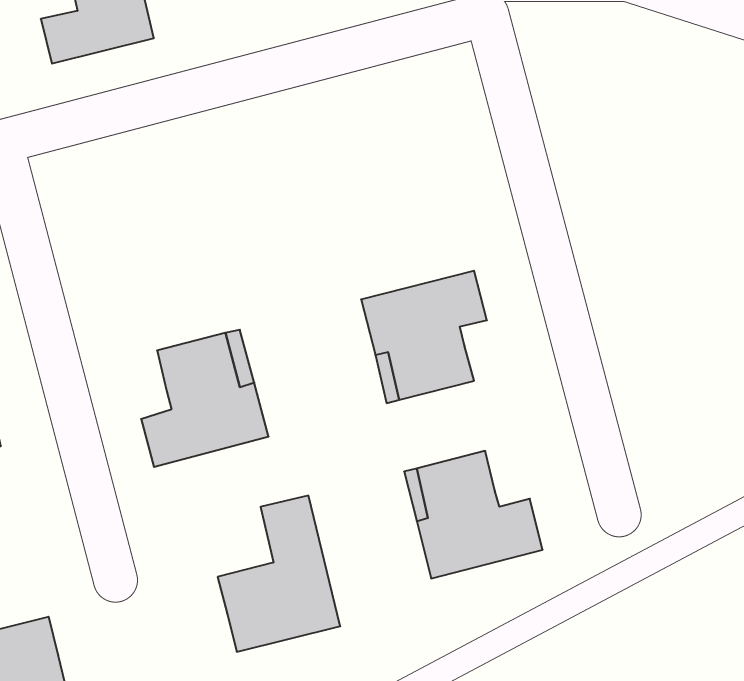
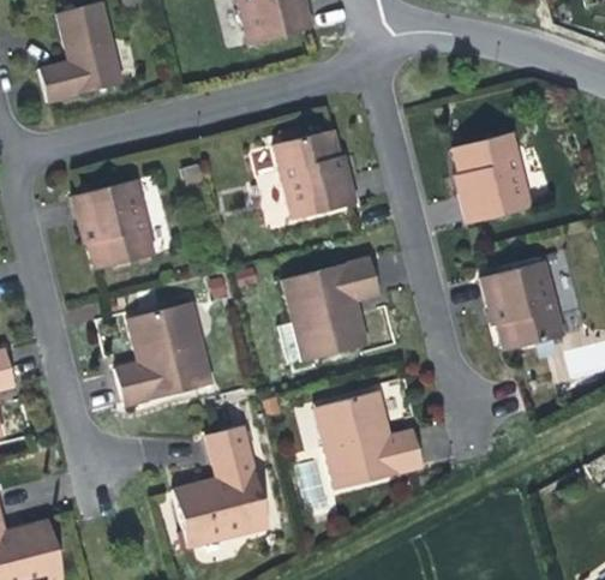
building: none -> [275,131,355,221]
building: none -> [456,136,529,225]
building: none -> [72,180,154,270]
building: none -> [480,261,561,347]

